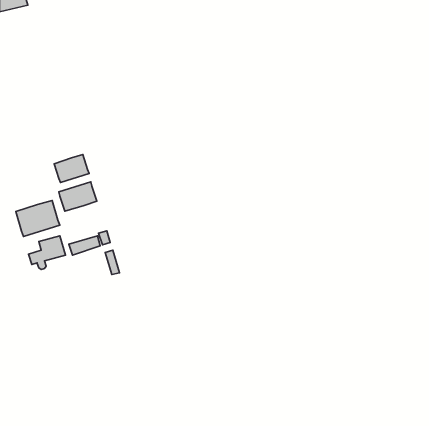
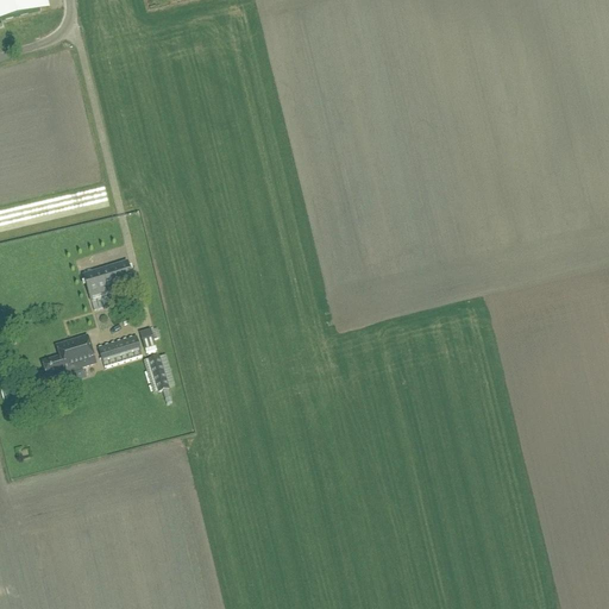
building: [54,155,89,182] -> none
building: [16,200,60,236] -> none

